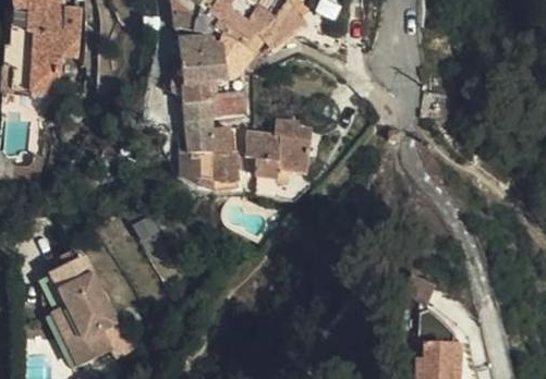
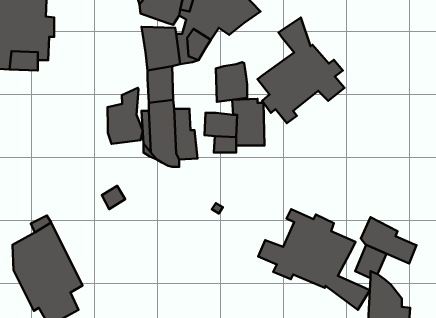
building: none -> [257,18,344,123]
building: [210,77,244,120] -> [216,62,247,102]
building: none -> [107,88,143,144]
building: none -> [258,209,370,310]
building: none -> [361,217,416,263]

